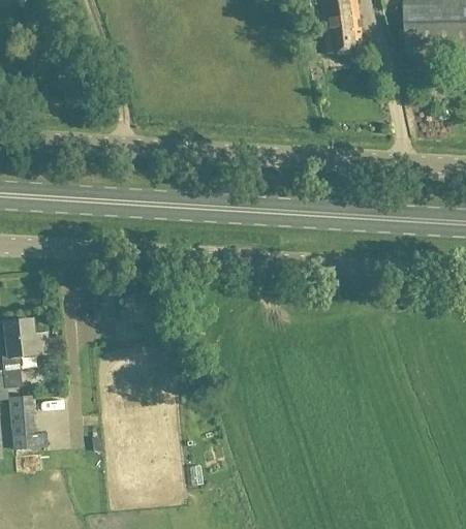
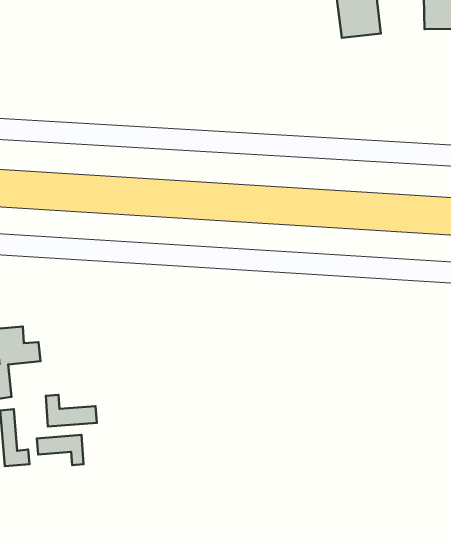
building: none -> [46,395,97,427]
building: none -> [37,435,84,465]

